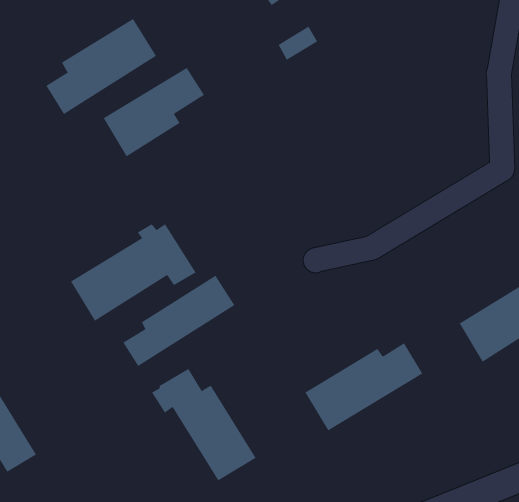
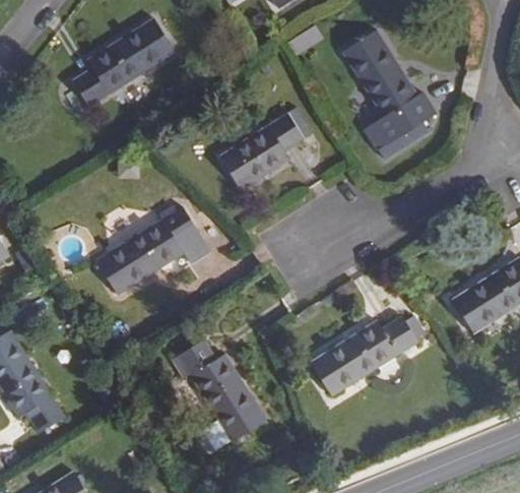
building: none -> [341,30,436,159]
building: [103,67,205,157] -> [219,108,313,190]
building: [123,275,235,367] -> none

